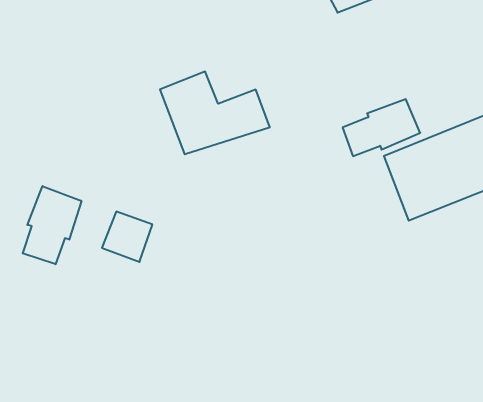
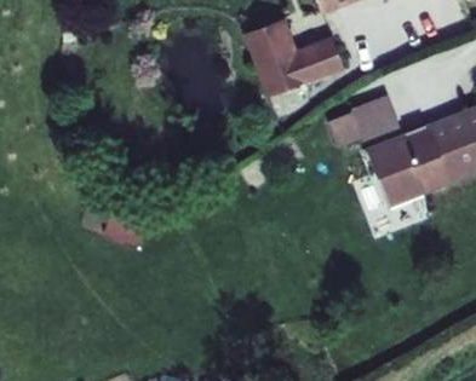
building: [160,72,270,154] -> [243,18,346,96]
building: [23,186,81,264] -> none

